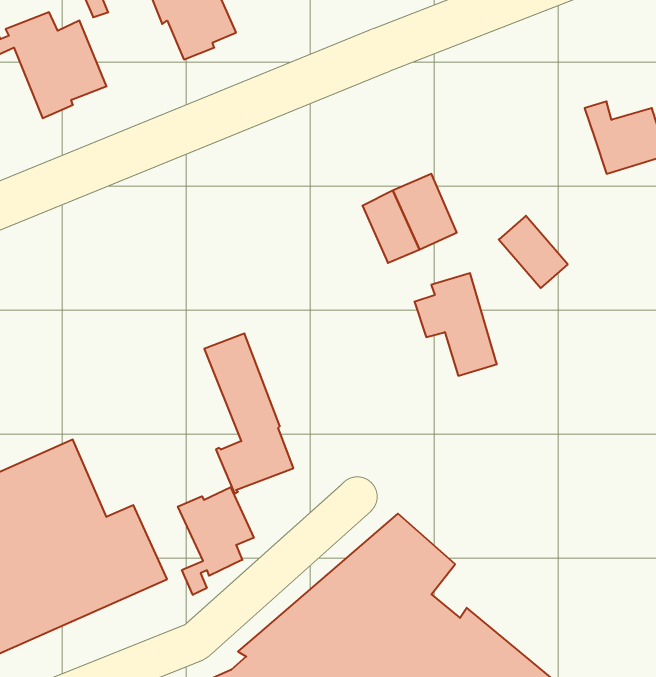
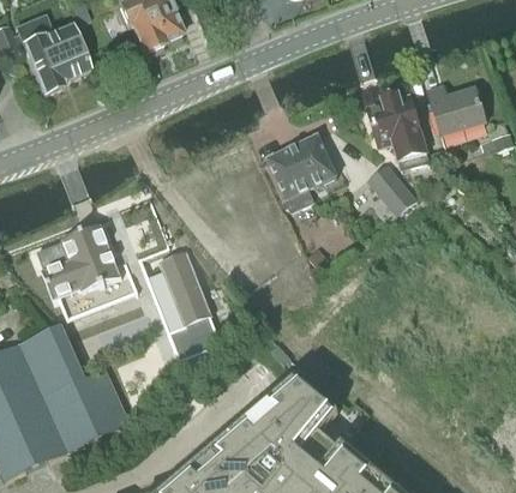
building: [414,273,497,376] -> [371,92,430,166]
building: none -> [35,222,136,318]
building: [178,487,254,595] -> none

